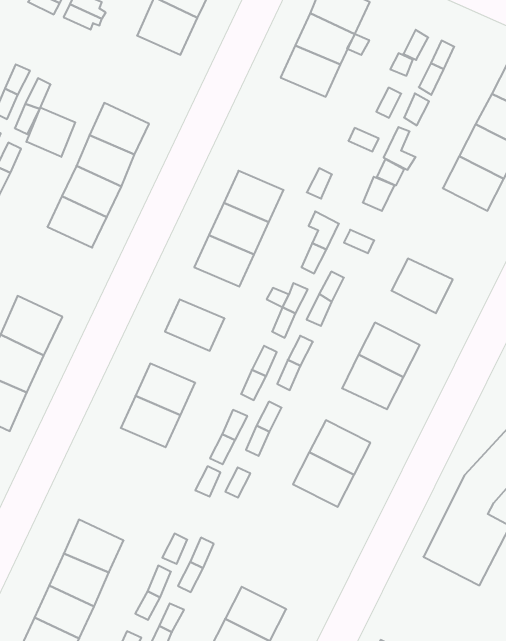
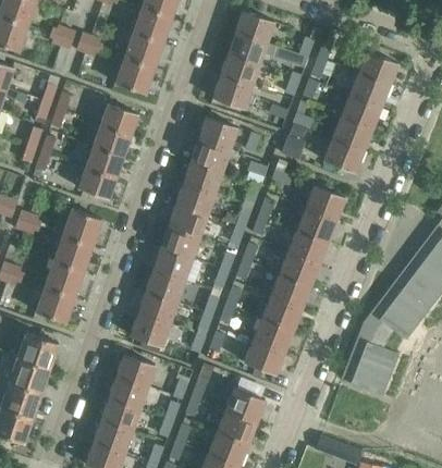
building: none -> [115,58,155,94]
building: none -> [213,76,251,108]
building: [26,107,75,157] -> none
building: none -> [199,116,237,149]
building: none -> [324,138,364,172]
building: none -> [63,209,102,245]
building: none -> [169,205,207,236]
building: none -> [297,208,336,242]
building: none -> [154,248,192,280]
building: none -> [271,274,310,308]
building: none -> [131,313,169,345]
building: none -> [245,340,284,373]
building: none -> [116,354,155,386]
building: none -> [226,387,266,421]

